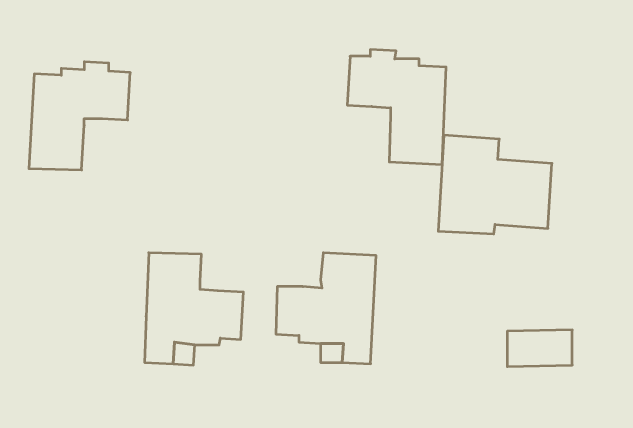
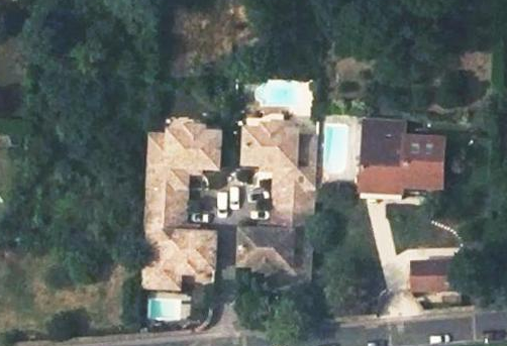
building: [347,50,446,165] -> [242,121,316,207]
building: [29,62,130,170] -> [143,125,219,206]

